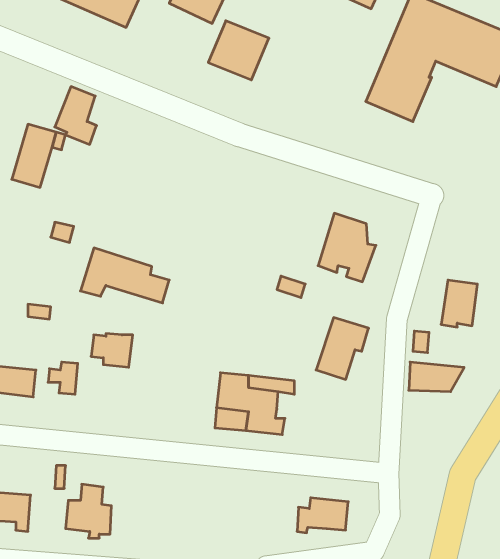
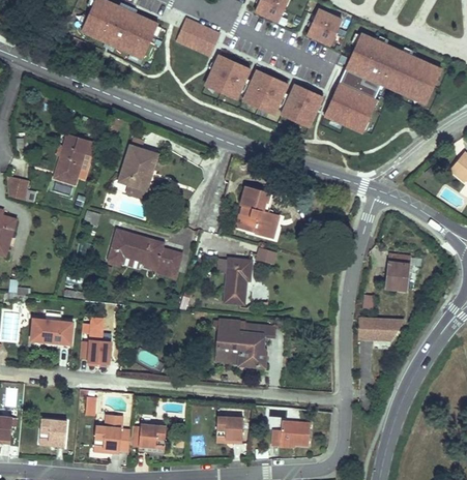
building: none -> [243,71,288,115]
building: none -> [282,84,324,127]
building: [55,87,97,144] -> [119,148,151,192]
building: [318,213,376,282] -> [231,188,275,241]
building: [316,318,369,379] -> [214,256,255,303]
building: [91,334,133,367] -> [79,341,111,367]
building: none -> [218,414,247,443]
building: none -> [134,424,168,450]

